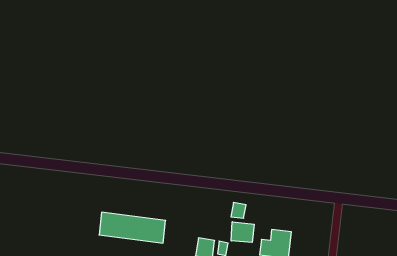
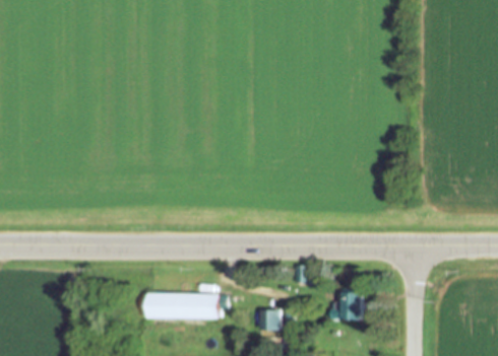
building: [231,222,254,242] -> none

